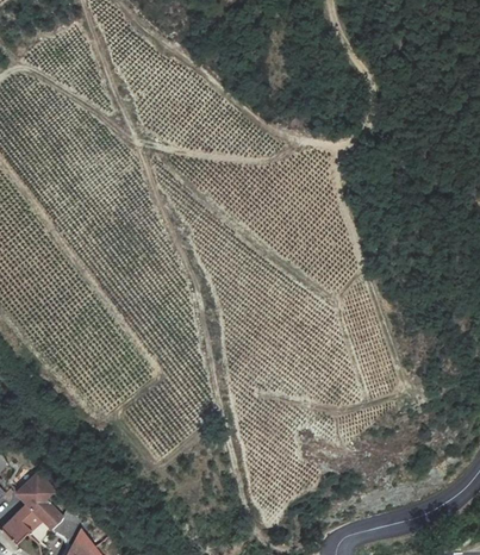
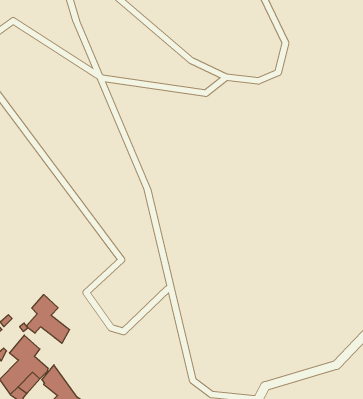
building: none -> [27,295,70,343]

